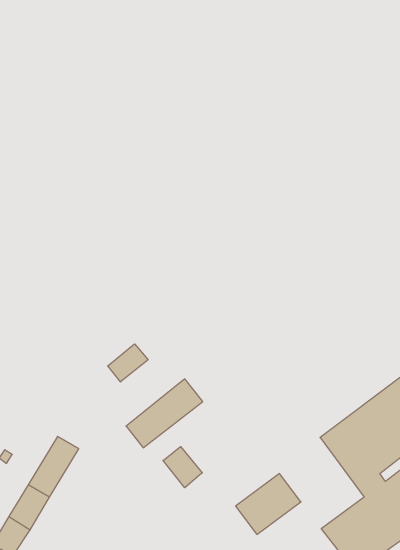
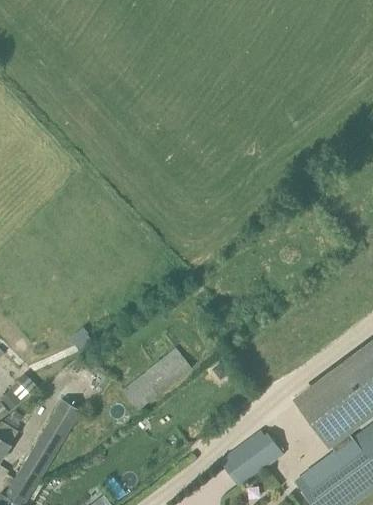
building: [108,344,148,382] -> none
building: [163,447,202,488] -> none

